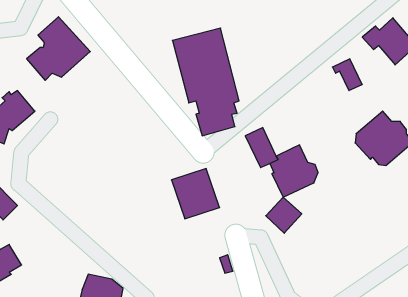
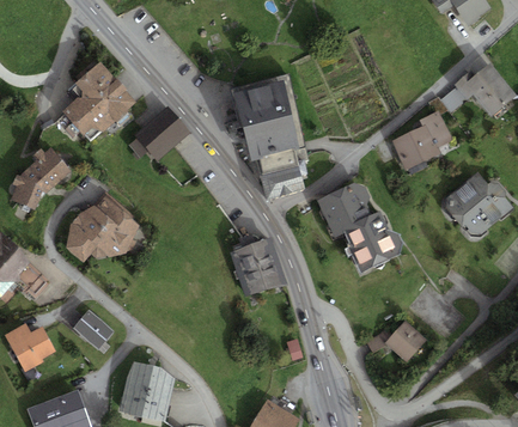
building: none -> [128,106,189,161]
building: none -> [391,124,439,175]
building: none -> [336,182,371,224]
building: none -> [66,191,139,262]
building: [266,197,302,233] -> [384,321,426,362]
building: none -> [72,310,114,349]

